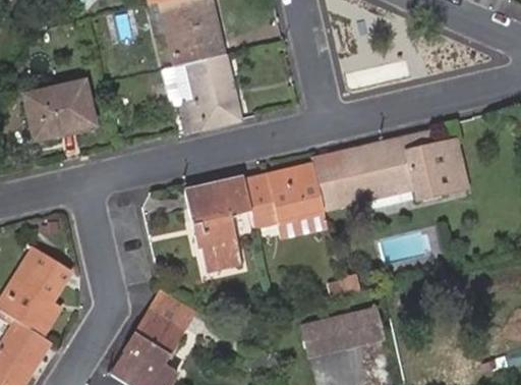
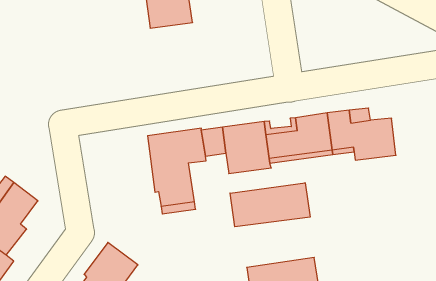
building: [165,57,241,135] -> none
building: [26,81,95,139] -> none
building: none -> [230,183,310,227]
building: [150,292,197,333] -> none

